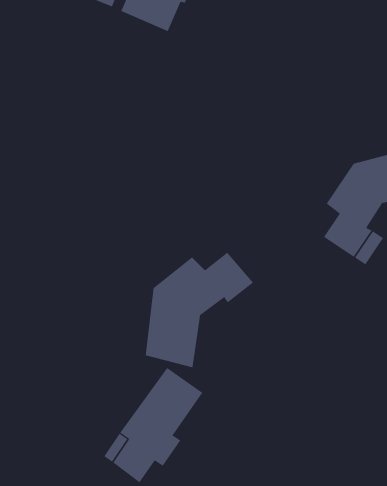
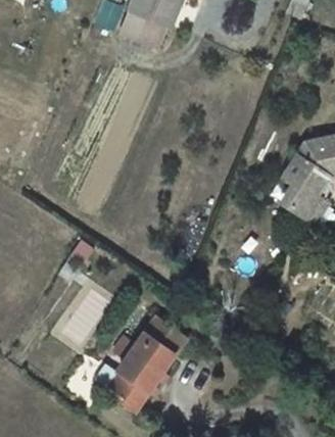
building: [145,252,254,368] -> none

